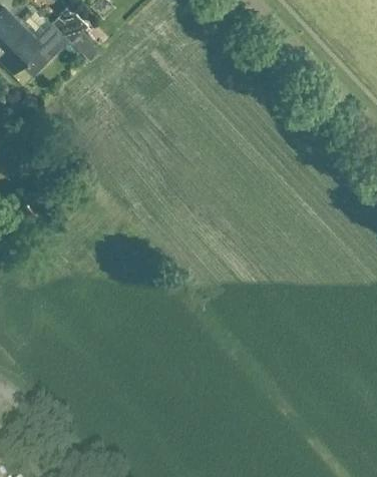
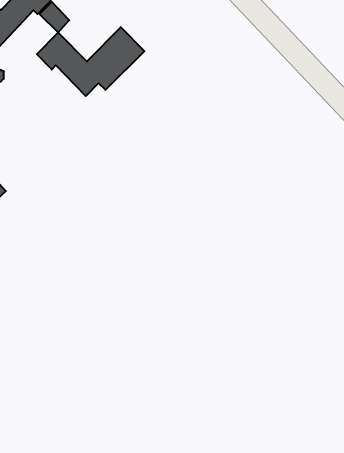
building: none -> [37,27,144,96]

